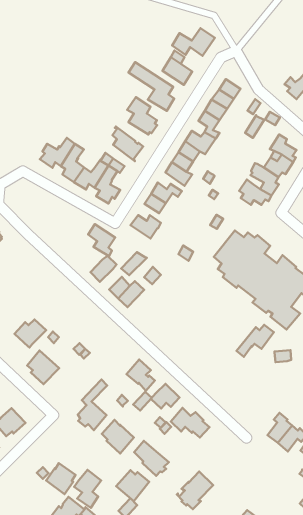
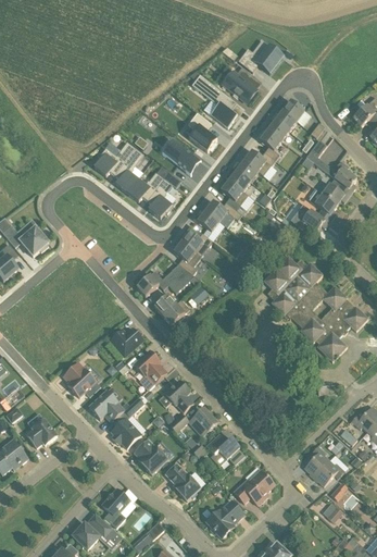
building: [88,224,115,256] -> [173,242,200,275]
building: [14,319,46,347] -> [110,327,142,356]
building: [237,325,274,357] -> none
building: none -> [134,350,166,391]
building: none -> [88,391,129,420]
building: none -> [233,470,274,505]
building: [46,463,75,494] -> none
building: [116,470,149,501] -> none

